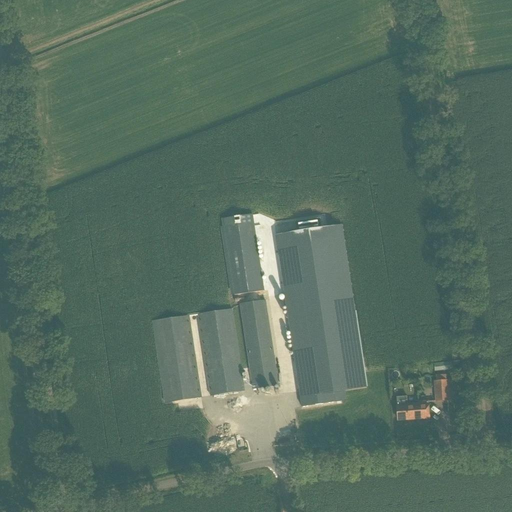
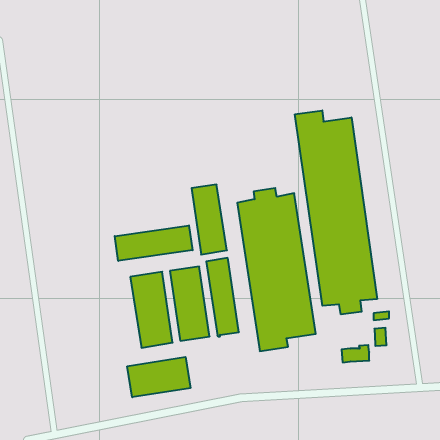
building: none -> [295,110,377,314]
building: none -> [115,225,193,261]
building: none -> [127,357,190,397]

